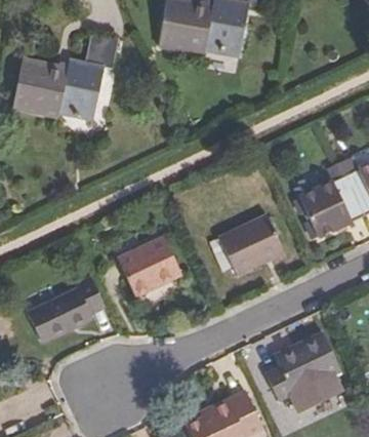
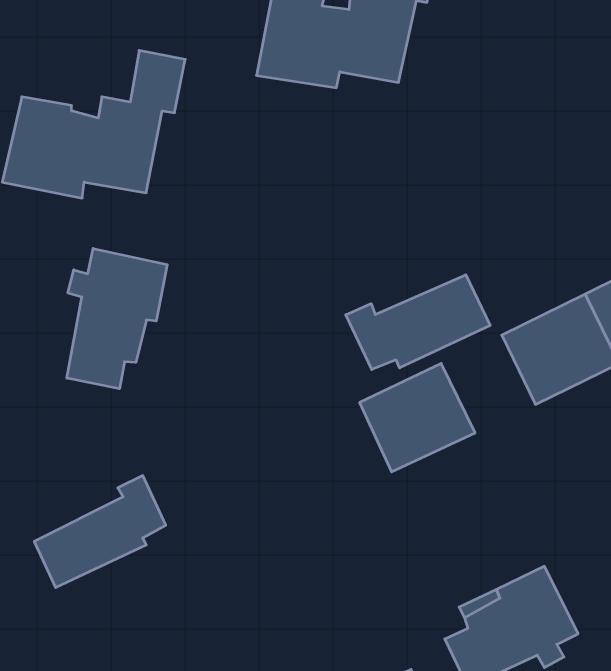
building: none -> [67,248,167,389]
building: none -> [346,275,490,370]
building: [119,240,183,299] -> none

